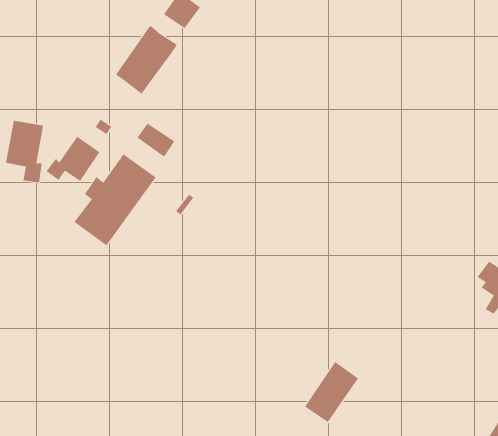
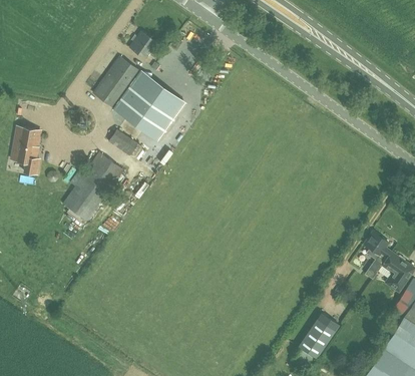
building: none -> [118,81,174,136]
building: [46,136,100,182] -> none
building: [304,361,359,423] -> [298,313,339,359]

